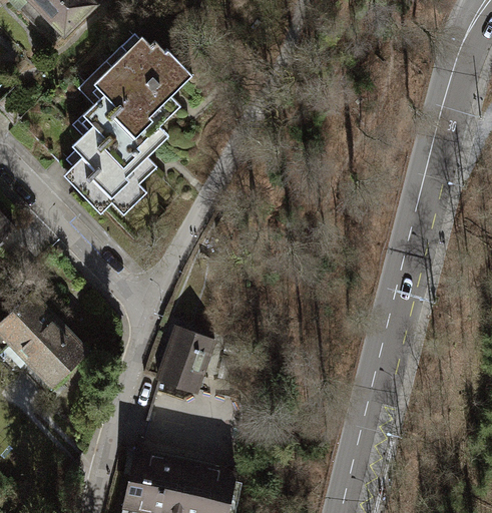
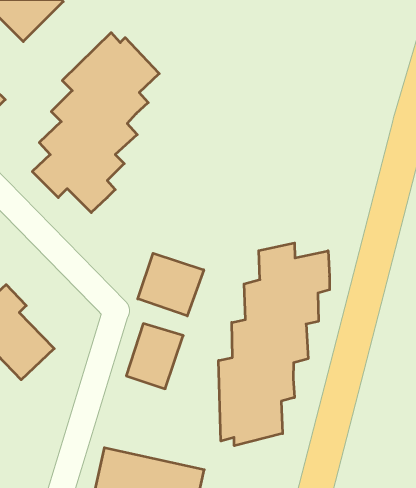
building: none -> [219,243,330,446]
building: none -> [138,253,204,316]

